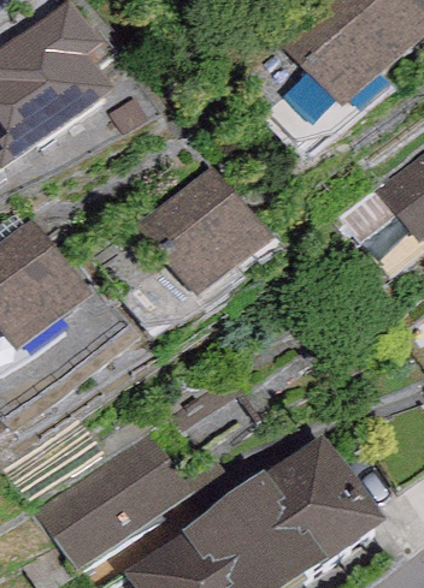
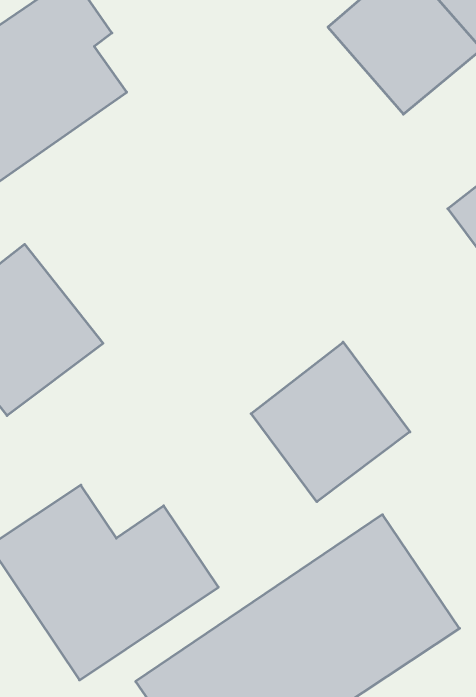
building: [136,160,273,297] -> none
building: none -> [251,342,410,502]

